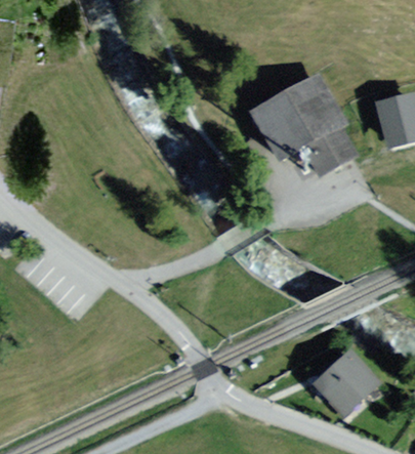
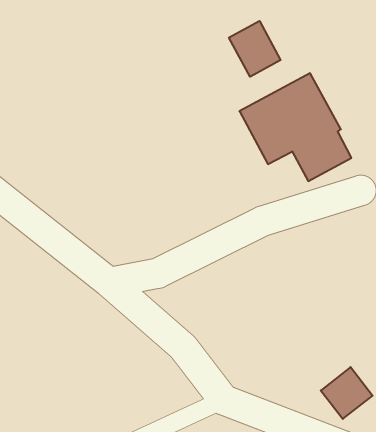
building: none -> [229,21,281,77]

